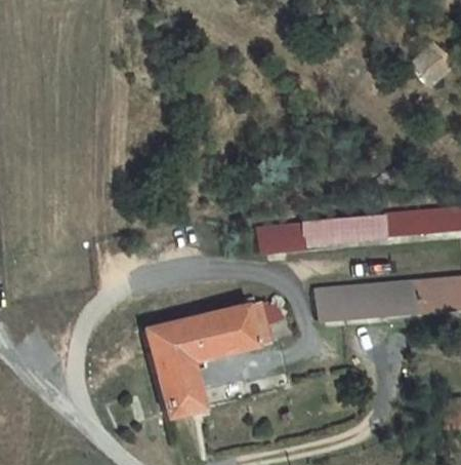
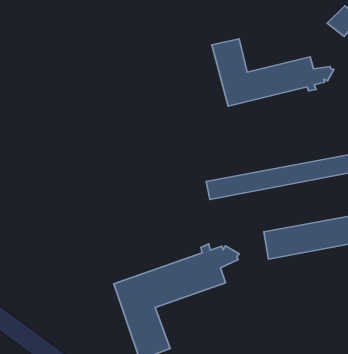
building: none -> [212,39,334,106]

